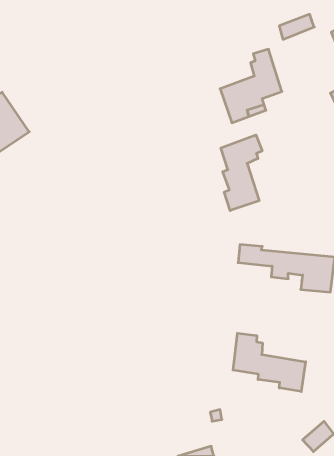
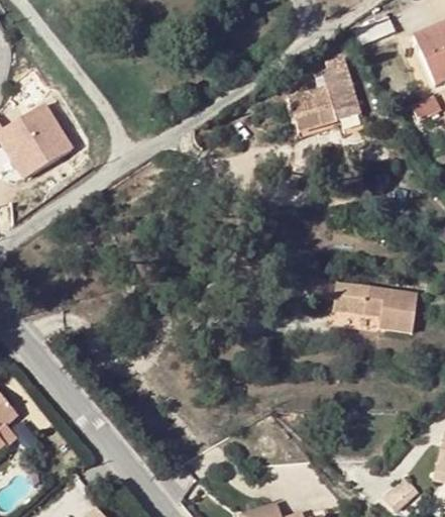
building: [221,135,262,211] -> none
building: [233,333,306,392] -> none

